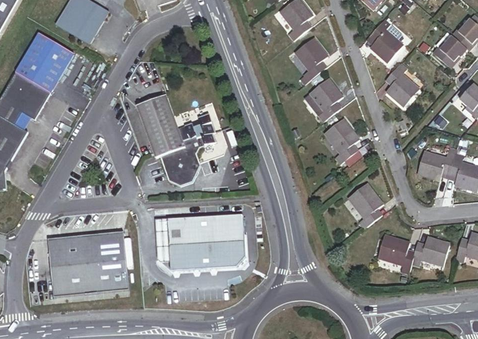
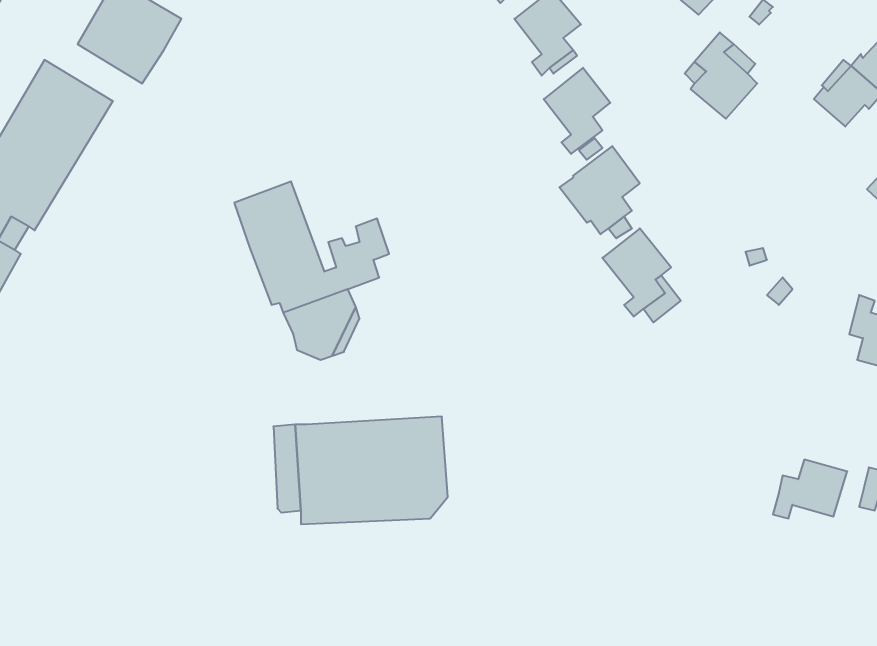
building: [386,62,419,106] -> none
building: [417,150,455,180] -> none
building: [348,182,383,228] -> none
building: [48,231,128,296] -> none
building: [378,234,414,273] -> none

